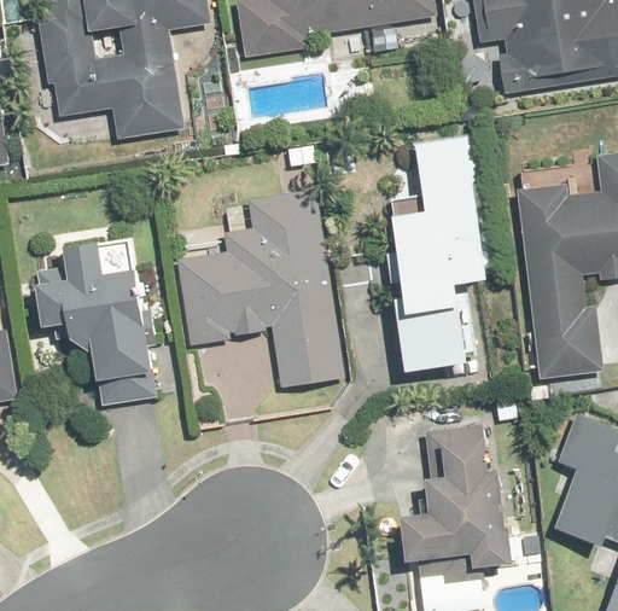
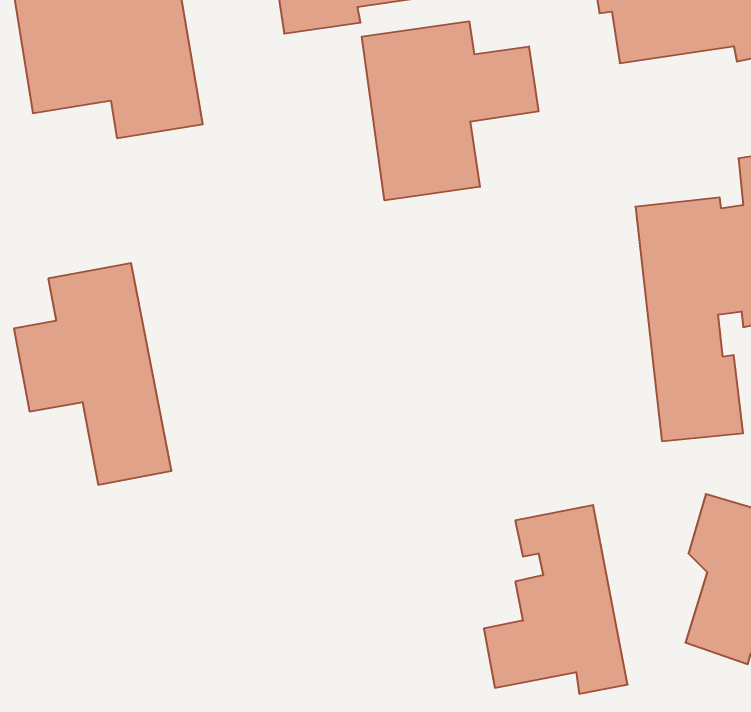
building: none -> [362,21,539,200]
building: [384,136,489,371] -> none
building: [179,185,344,388] -> none

